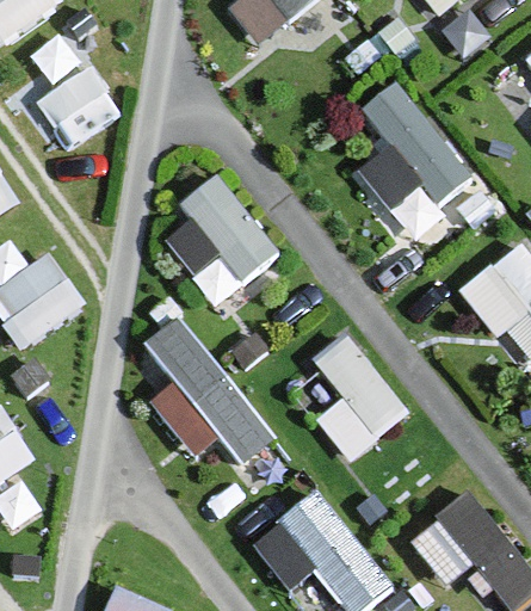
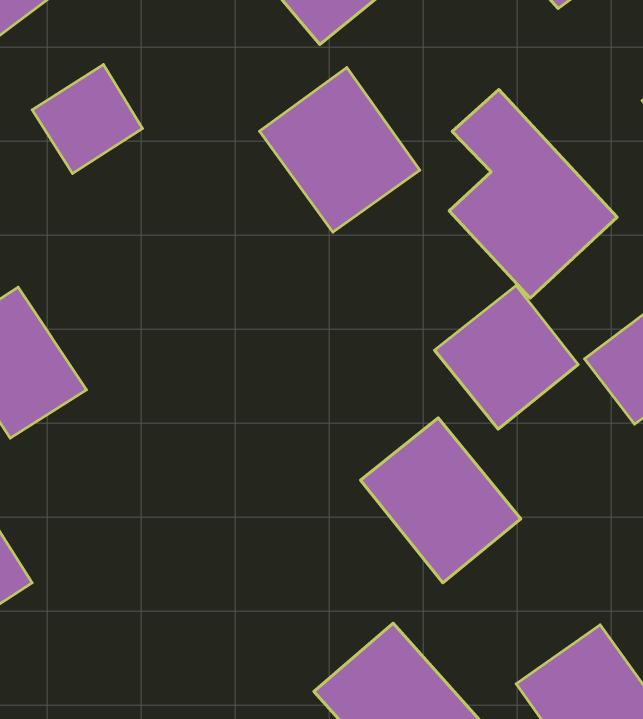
building: [158,179,280,306] -> [260,67,420,232]
building: none -> [435,286,578,429]
building: [143,313,282,477] -> none

